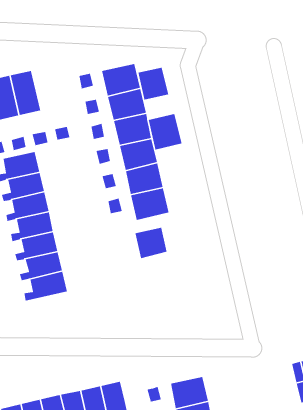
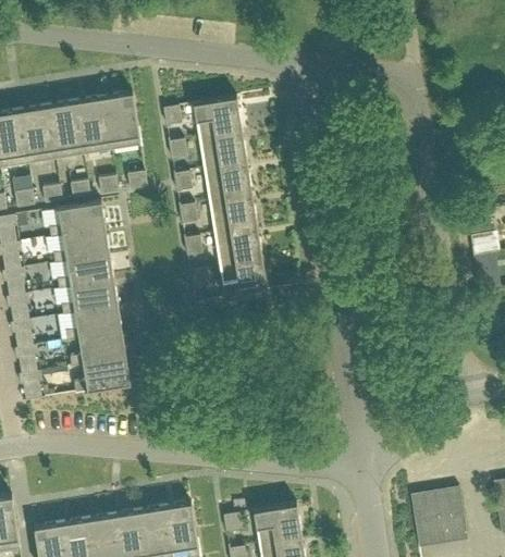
building: none -> [103,92,140,150]
building: [138,67,169,101] -> none
building: [148,113,183,151] -> none
building: [134,227,168,259] -> none

